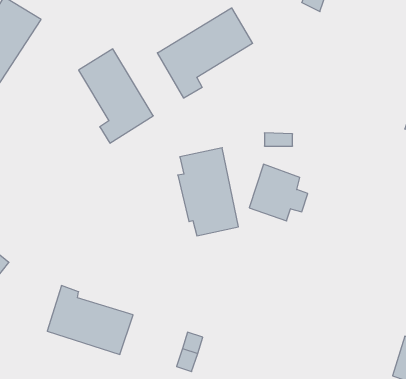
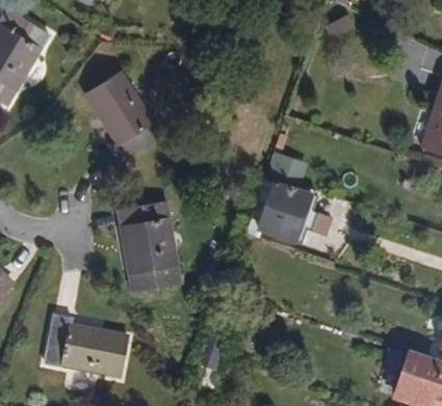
building: [157,8,253,98] -> none
building: [178,148,238,236] -> [114,200,177,291]

